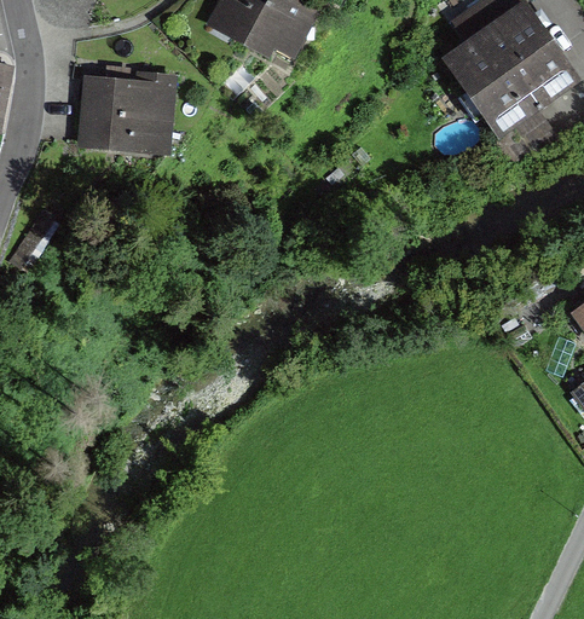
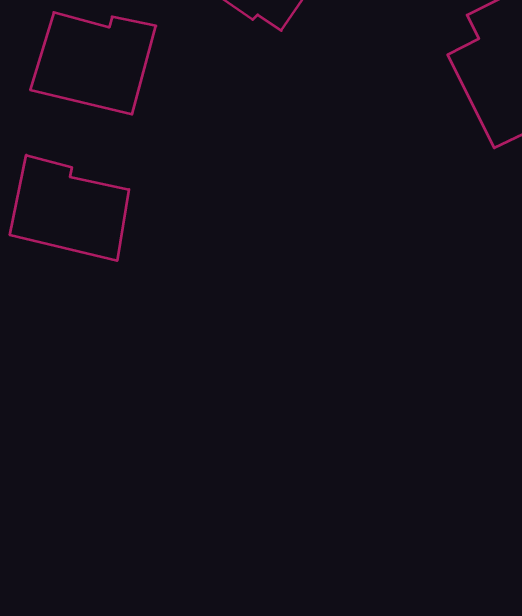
building: none -> [10,155,129,261]

